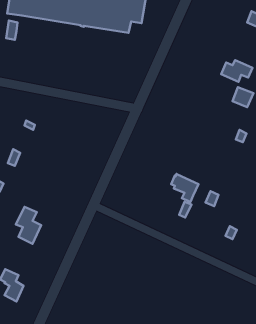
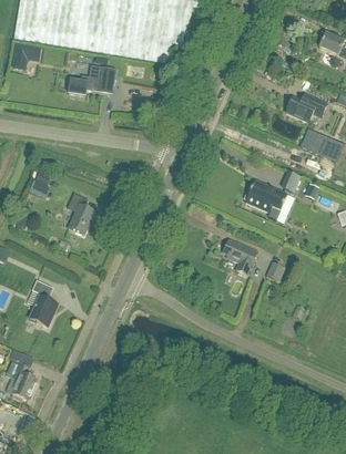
building: none -> [69,66,115,95]
building: none -> [244,179,287,219]
building: none -> [67,193,94,235]

